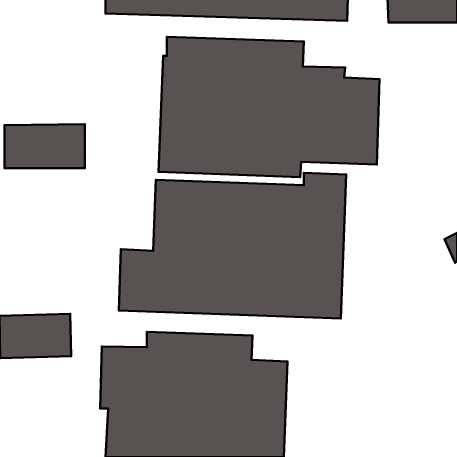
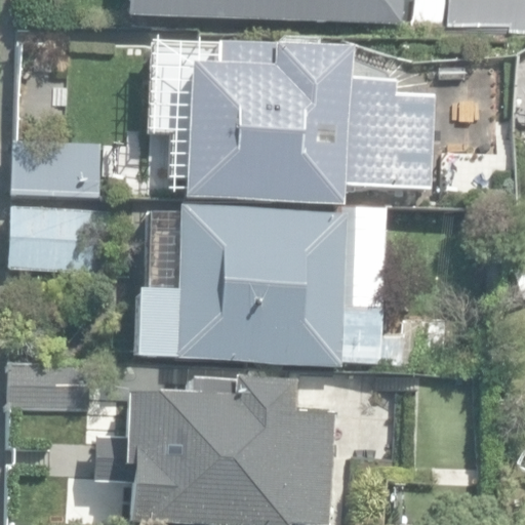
building: none -> [5,208,107,269]

